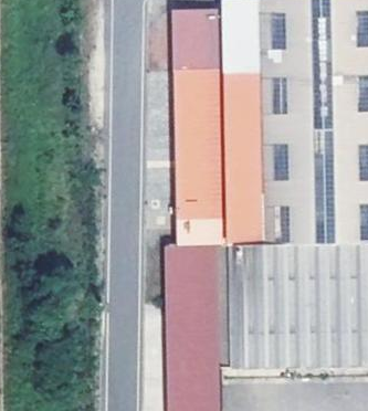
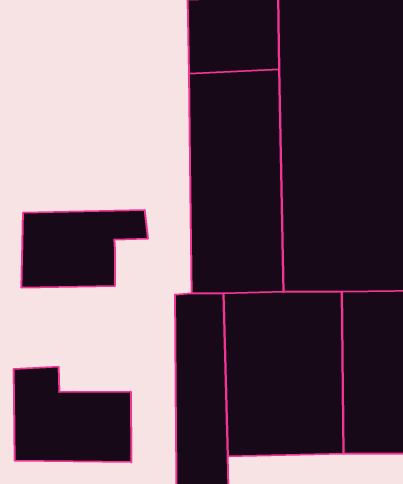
building: none -> [22,210,148,288]
building: none -> [14,367,131,462]

